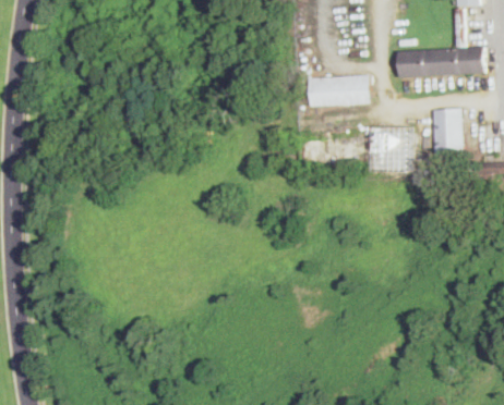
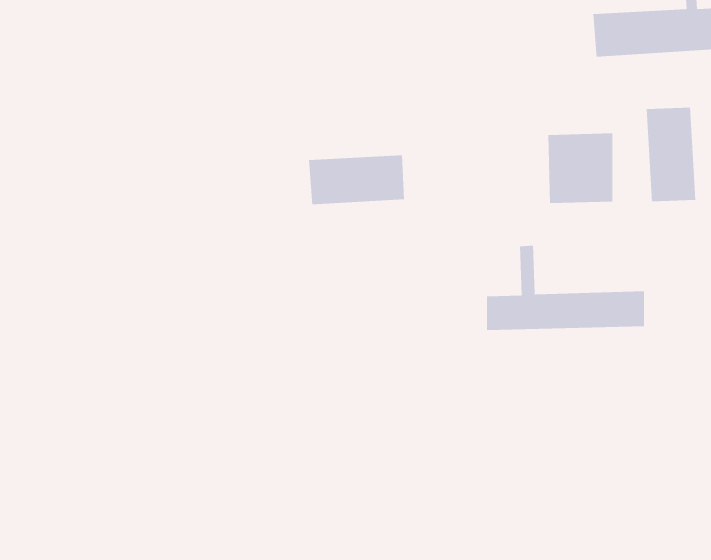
building: [308,75,369,107] -> [308,155,405,205]
building: none -> [487,245,644,331]

